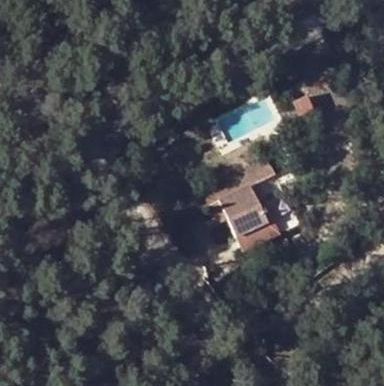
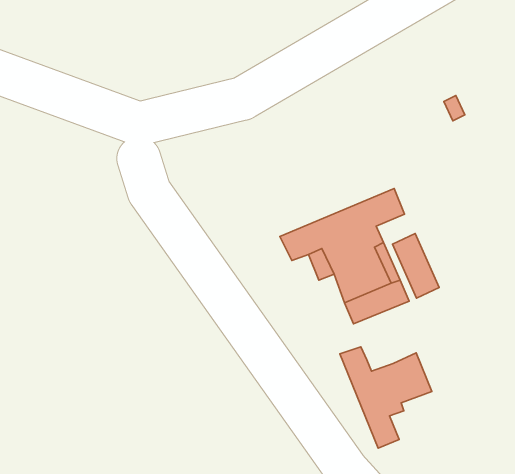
building: none -> [340,347,432,448]

